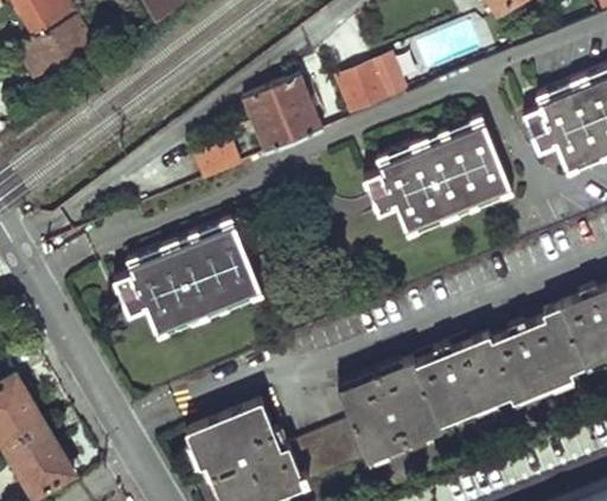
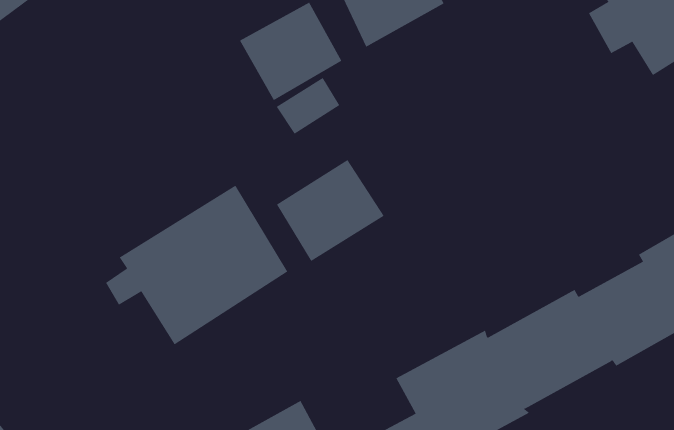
building: [366,115,511,236] -> none
building: [192,139,243,181] -> [276,77,340,135]
building: none -> [276,159,385,262]

